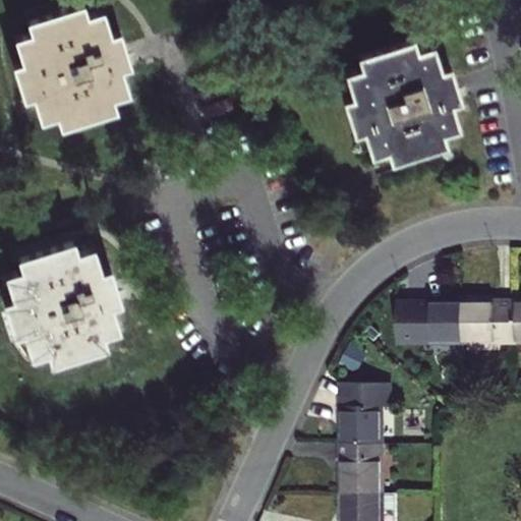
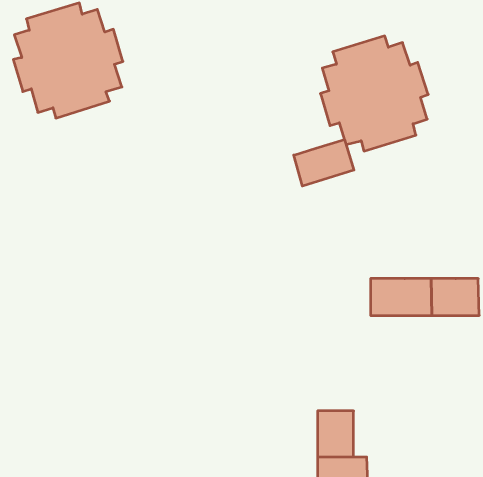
building: none -> [294,139,354,186]
building: [4,245,122,369] -> none
building: [342,389,391,449] -> none

